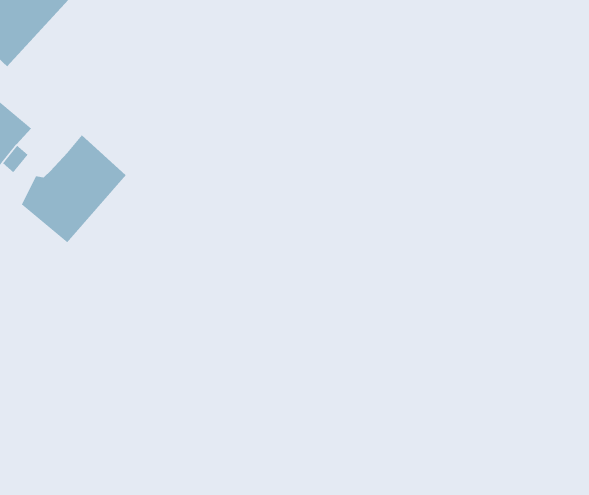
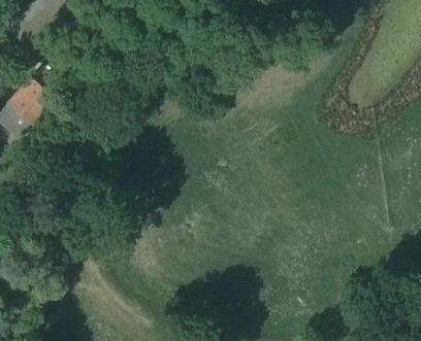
building: [21,135,127,243] -> none

